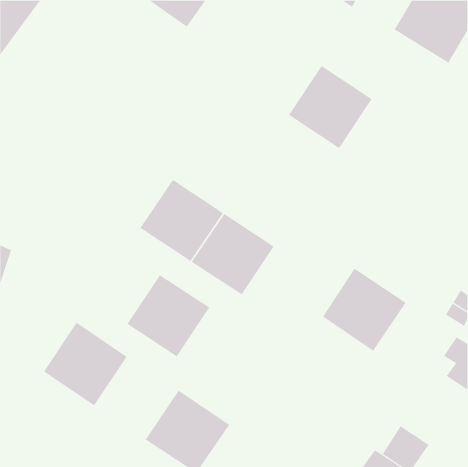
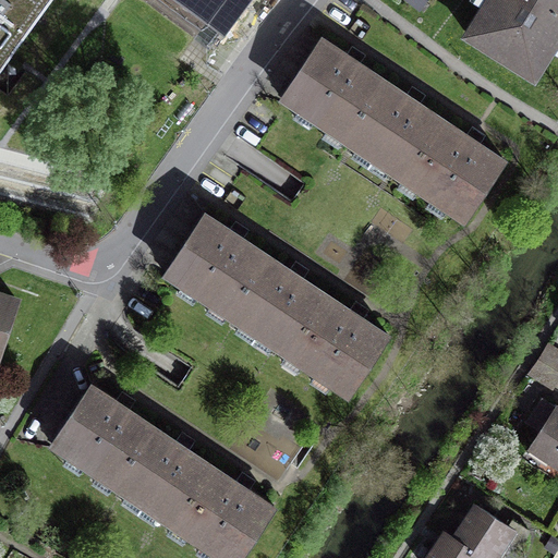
building: none -> [281,40,381,140]
building: none -> [403,121,504,220]
building: [322,268,407,352] -> [288,295,388,395]
building: [127,274,210,357] -> [112,426,211,524]

